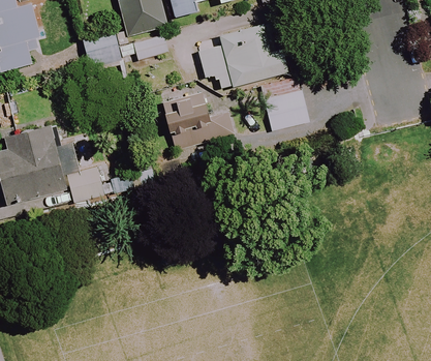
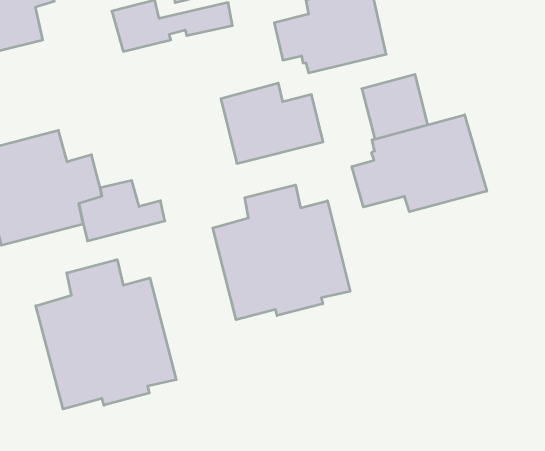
building: none -> [352,115,487,212]
building: none -> [213,185,350,320]
building: none -> [36,260,176,409]

